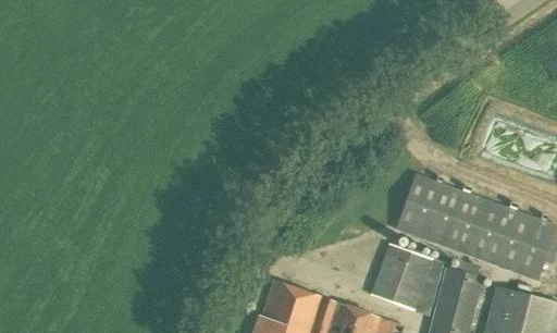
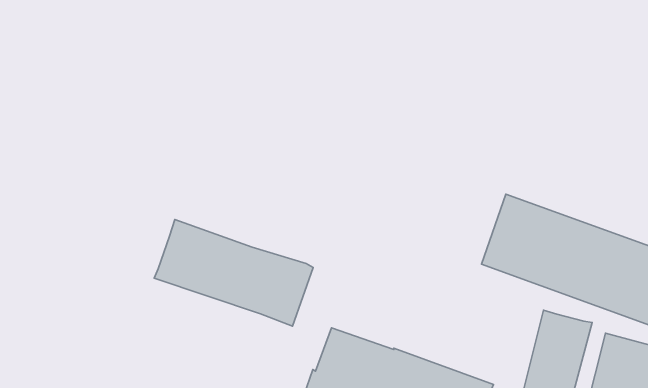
building: none -> [154,219,313,326]
building: [370,242,443,314] -> none

